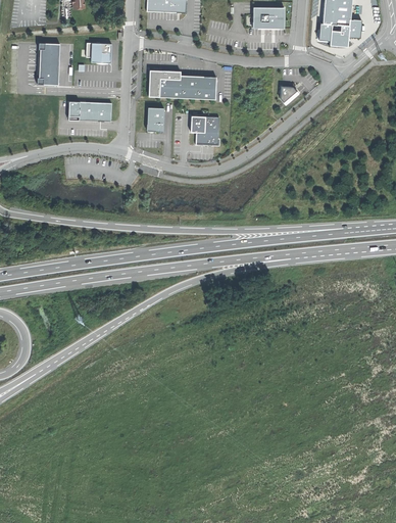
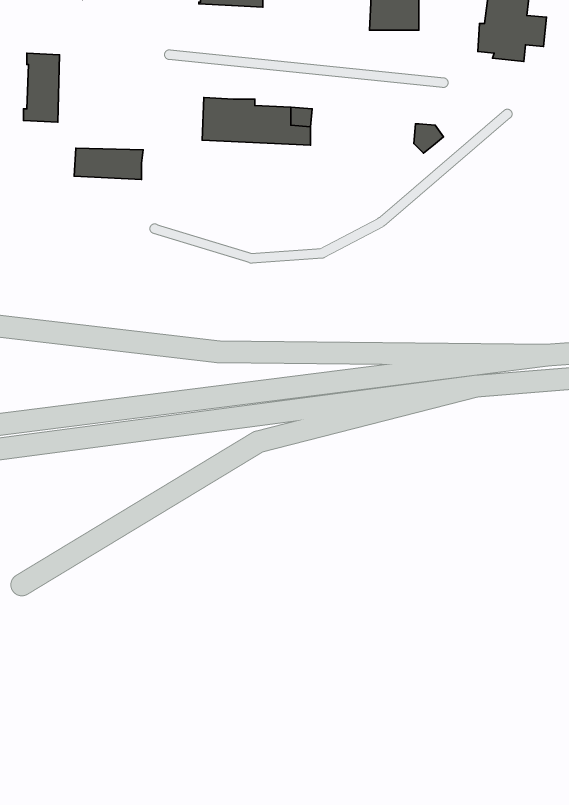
building: [86,42,111,62] -> none
building: [147,106,163,131] -> none
building: [191,115,218,144] -> none

